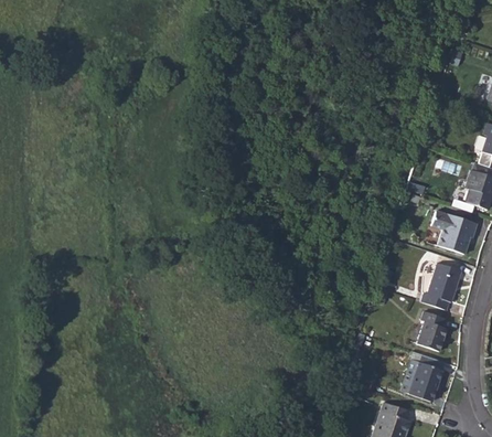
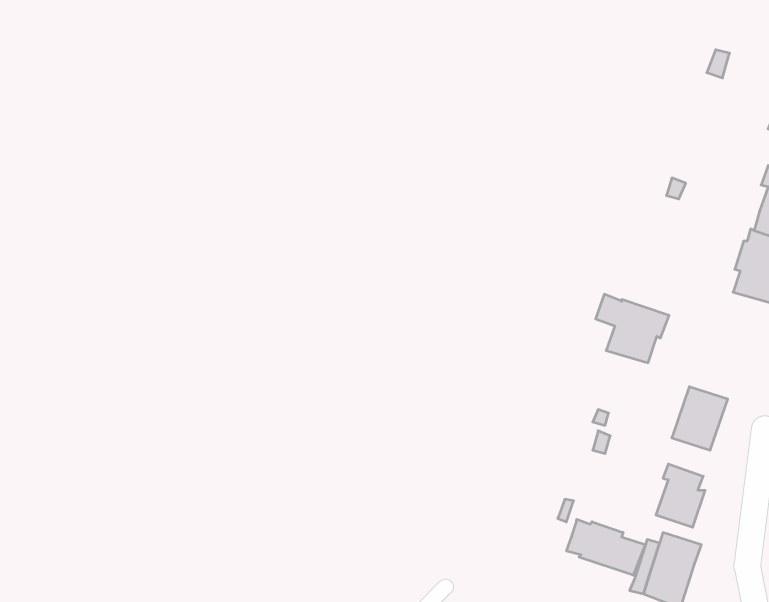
building: [431,210,478,253] -> [596,294,669,363]
building: none -> [567,519,645,575]

